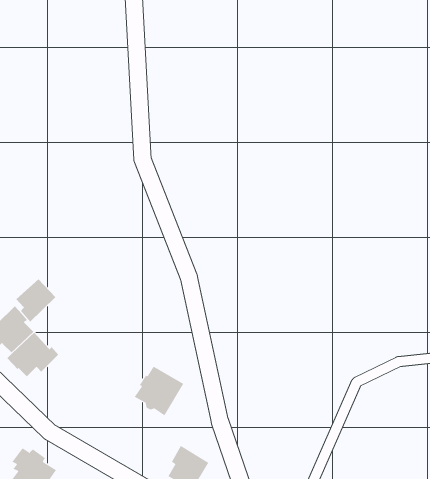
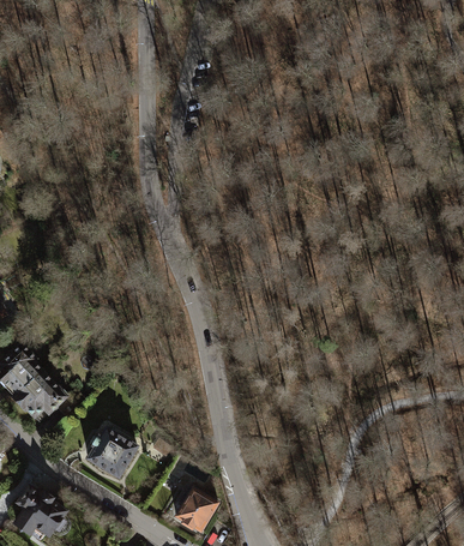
building: [16,279,56,322] -> none
building: [134,366,184,416] -> [88,427,138,478]

